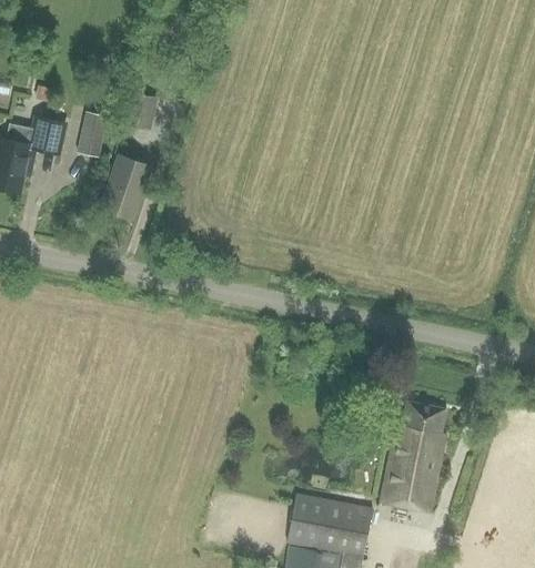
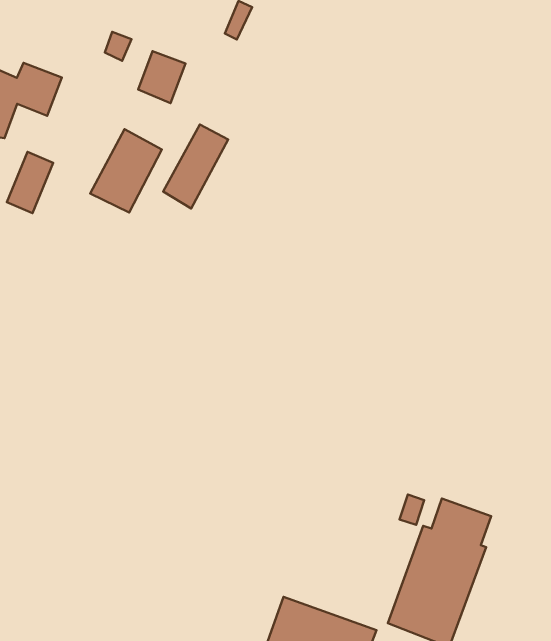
building: [78,111,109,158] -> [7,152,53,213]
building: none -> [163,124,228,209]

